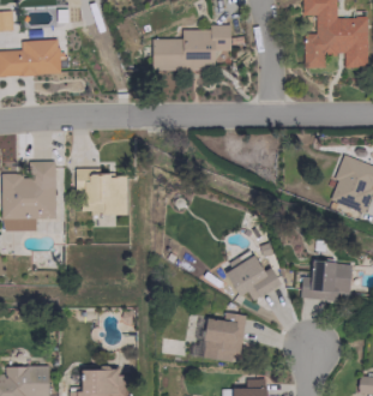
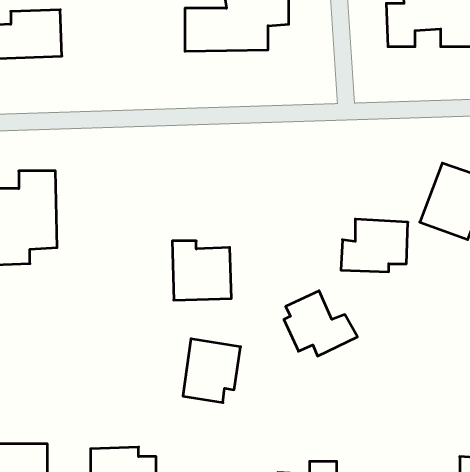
building: [83,170,127,215] -> [172,241,231,300]
building: [301,260,351,300] -> [341,219,408,272]
building: [203,314,246,362] -> [183,339,241,403]

